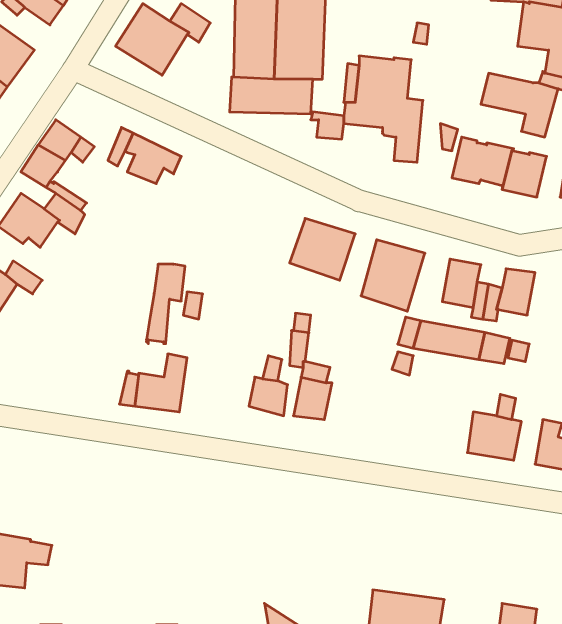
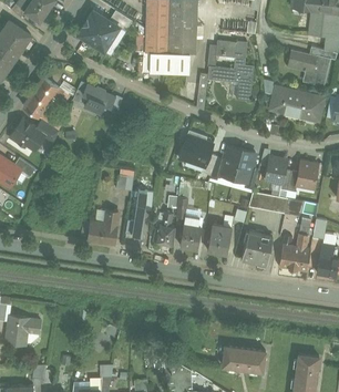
building: [146,264,185,344] -> [131,190,153,236]
building: none -> [207,224,230,254]
building: none -> [240,231,271,265]

